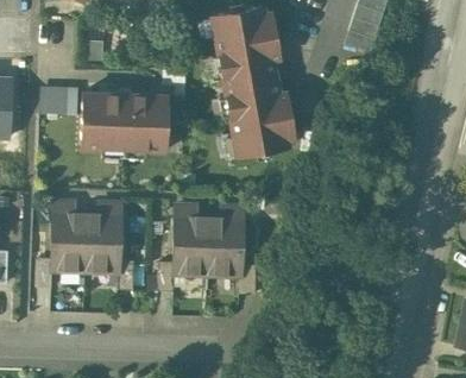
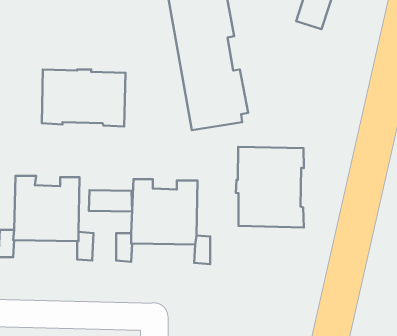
building: [44,84,80,113] -> none
building: none -> [236,147,304,227]
building: none -> [89,190,132,212]

